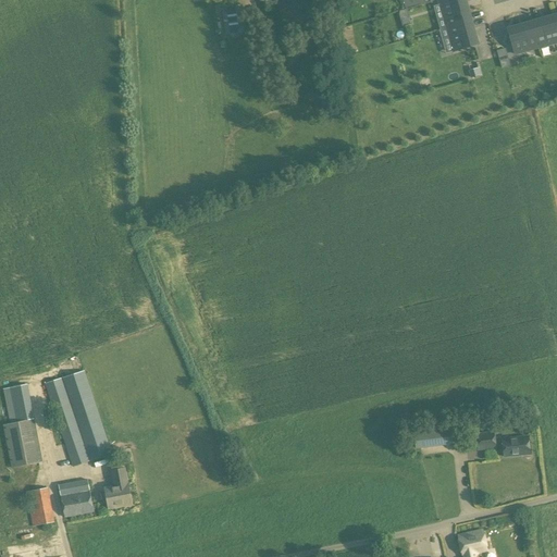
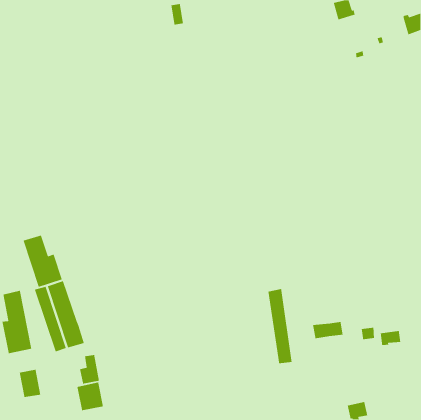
building: [446,21,474,50] -> none
building: [508,21,539,53] -> none
building: none -> [23,235,63,288]
building: none -> [268,288,292,364]
building: [58,478,94,517] -> [77,381,104,411]

